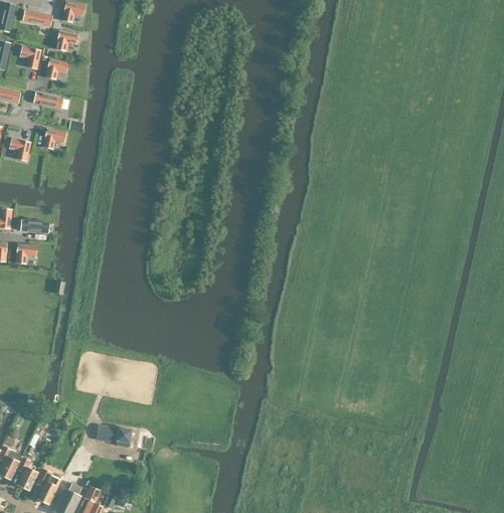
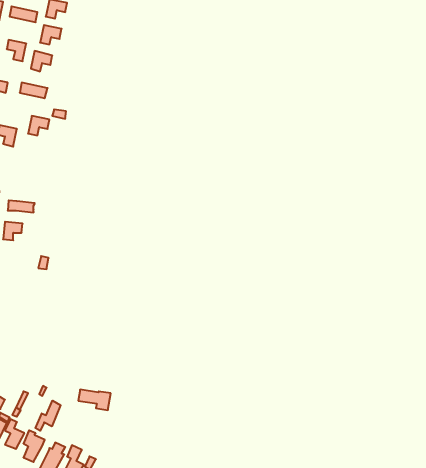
building: none -> [35,401,61,431]

